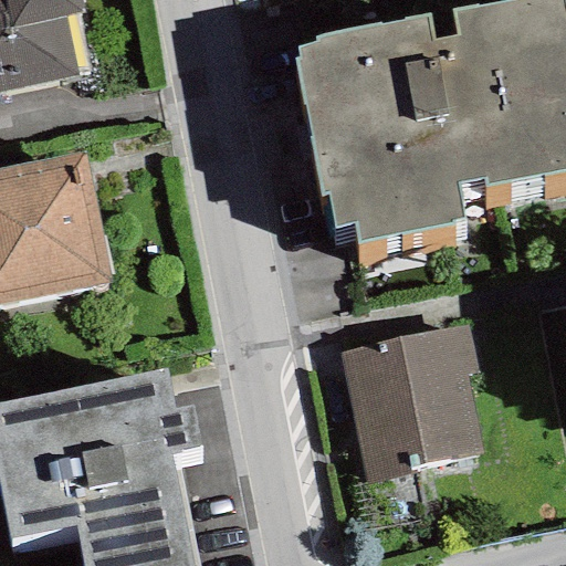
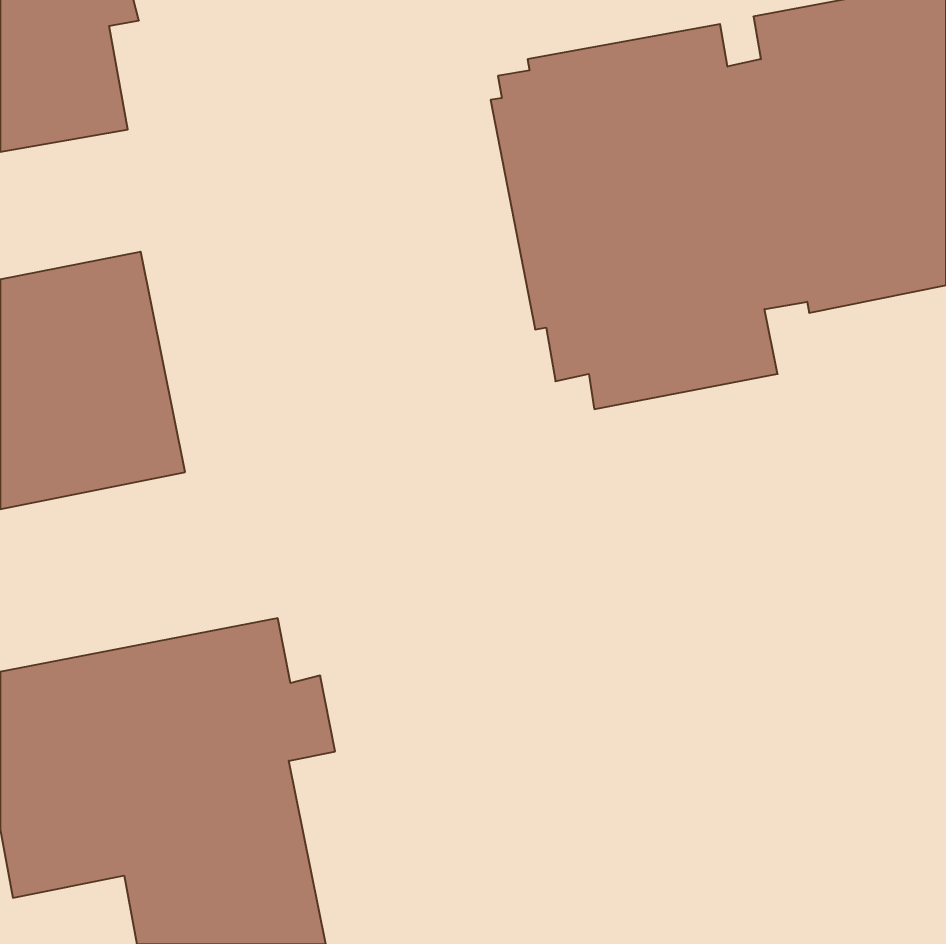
building: [336,324,481,481] -> none

